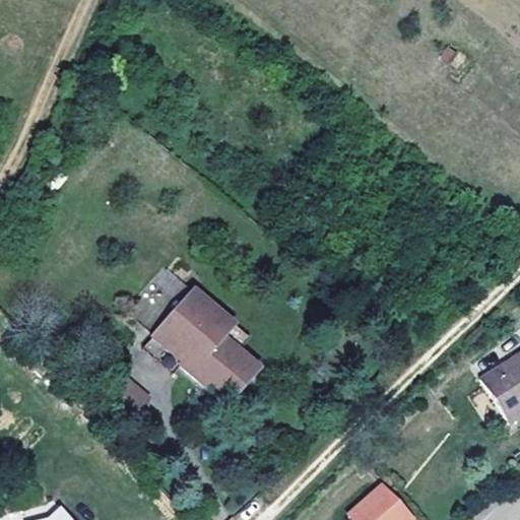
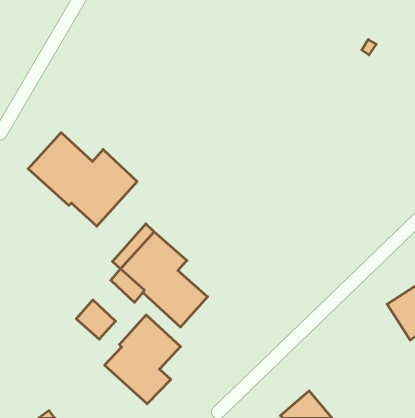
building: none -> [28,133,137,226]
building: none -> [105,315,181,404]

